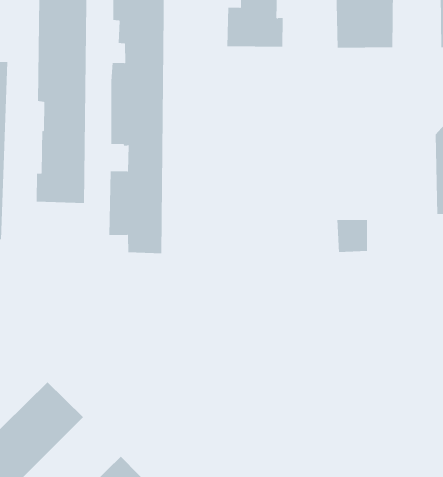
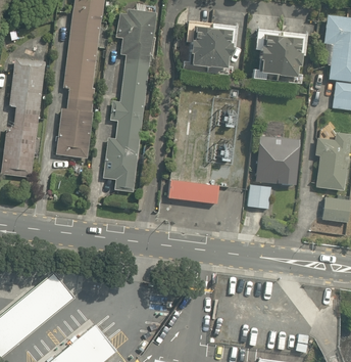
building: none -> [257,136,300,184]
building: none -> [167,180,218,203]

